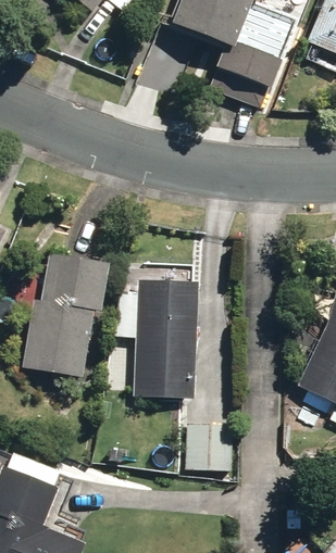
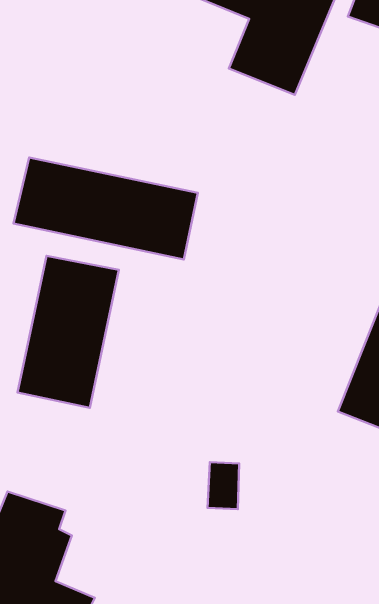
building: none -> [14,157,198,259]
building: [119,277,201,401] -> none

